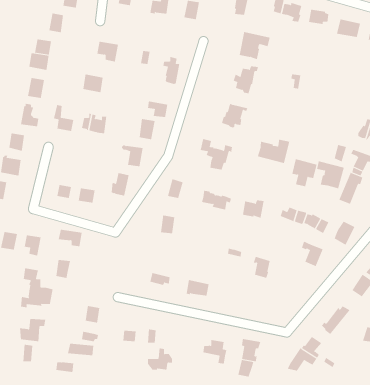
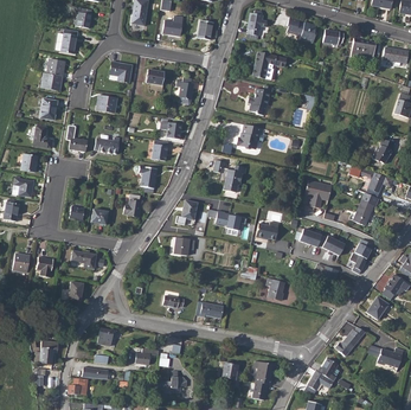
building: [257,139,290,164] -> none
building: [316,161,345,189] -> none
building: [20,267,53,308] -> none

